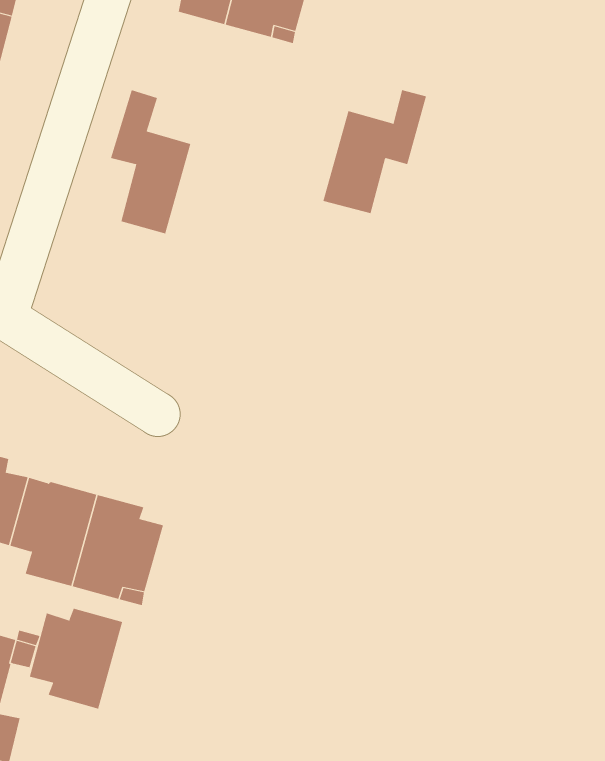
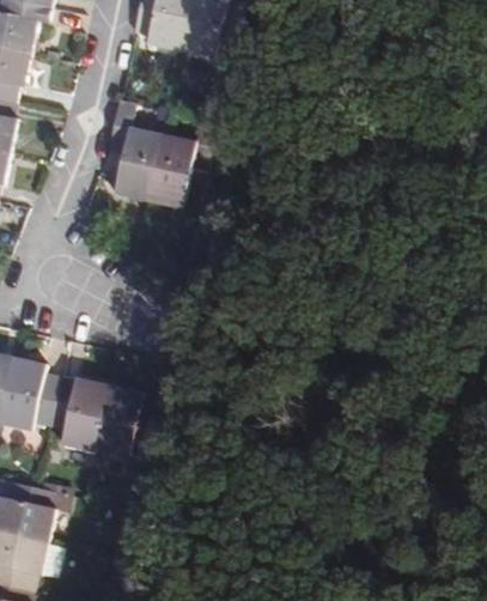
building: [322,90,427,214] -> [146,119,215,207]
building: [29,608,123,709] -> none

